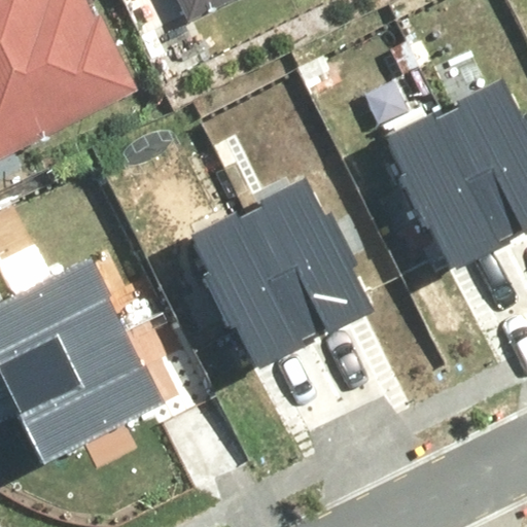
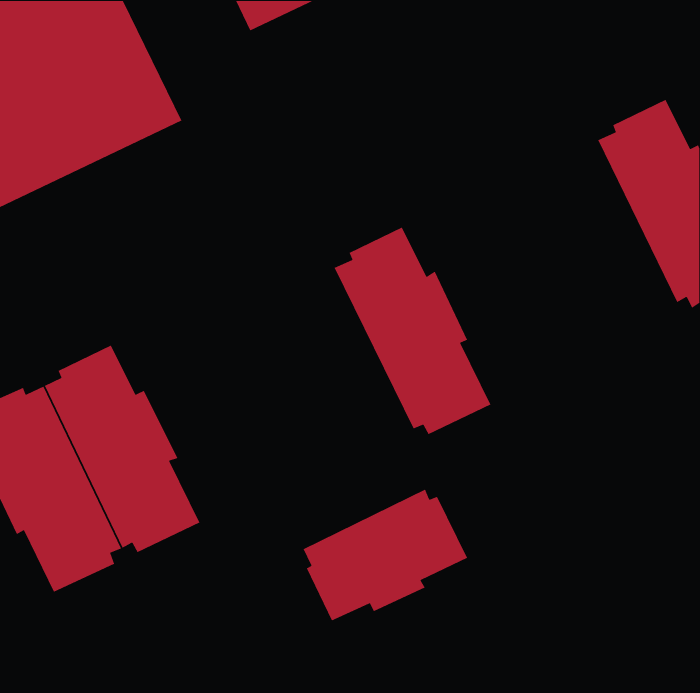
building: [391,111,507,268] -> none
building: [194,207,310,362] -> none
building: none -> [303,489,468,622]

